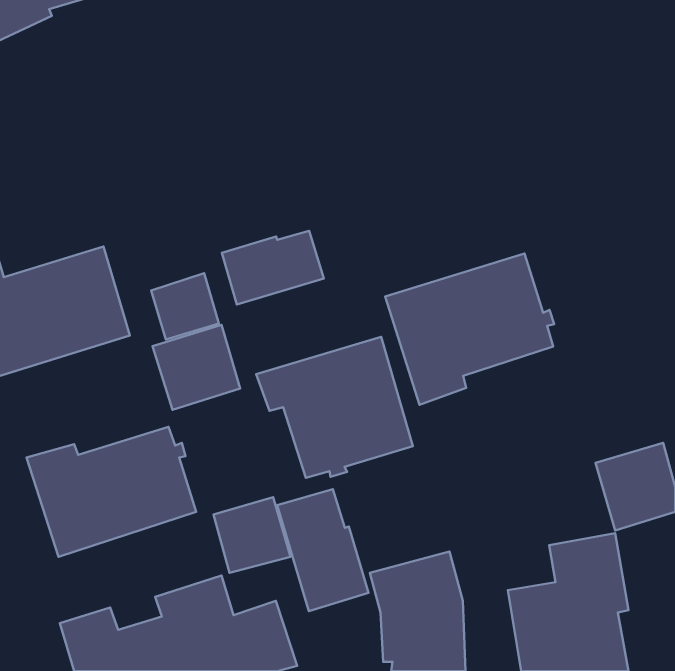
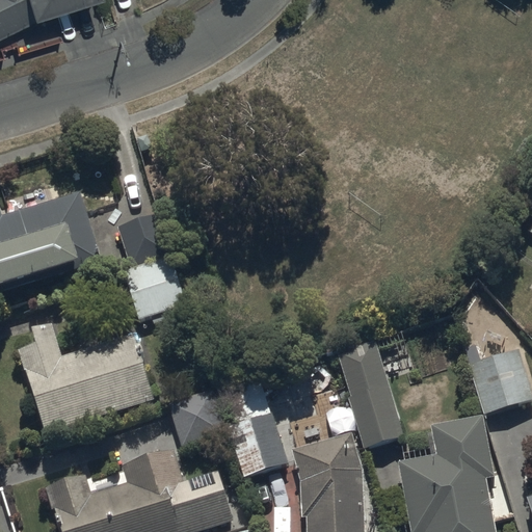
building: [222,231,324,305] -> none
building: [385,254,554,405] -> none
building: [256,337,413,478] -> none
building: none -> [334,342,404,450]

